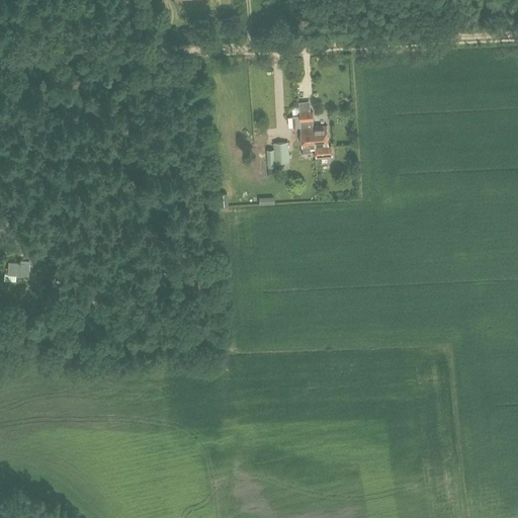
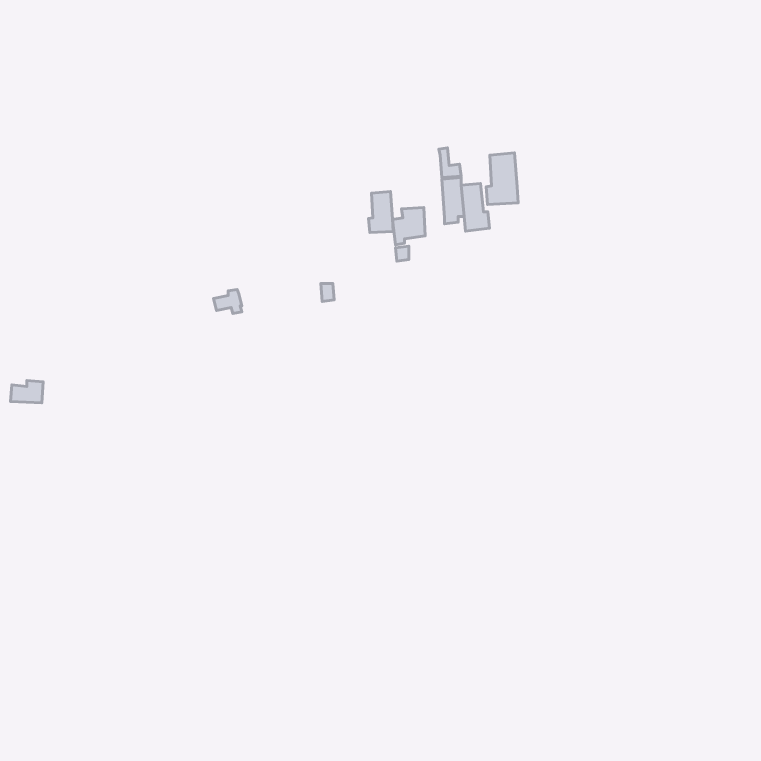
building: none -> [486,153,518,204]
building: none -> [369,192,393,233]

